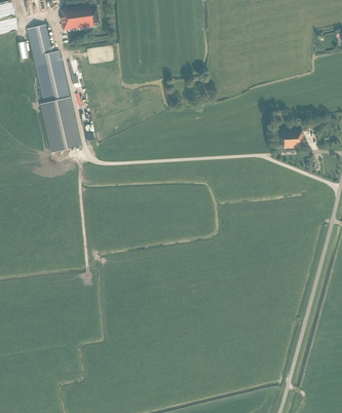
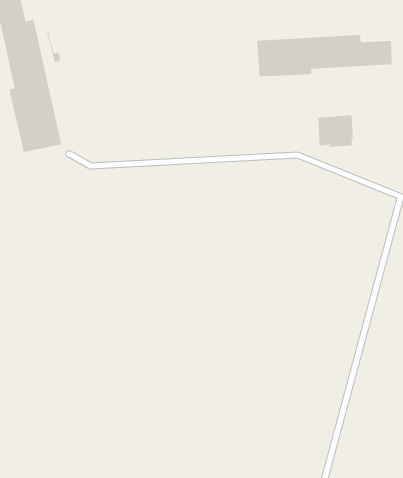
building: none -> [257,34,392,77]

